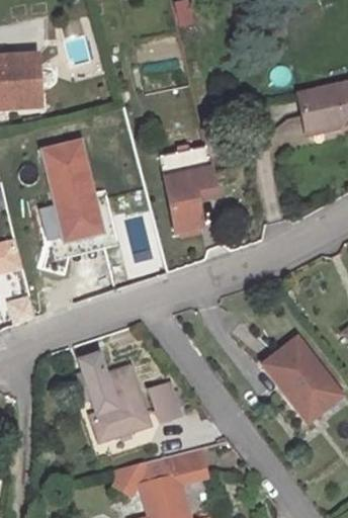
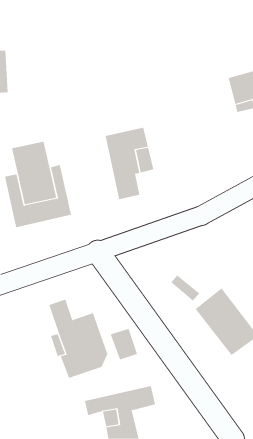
building: [42,144,85,173] -> none

